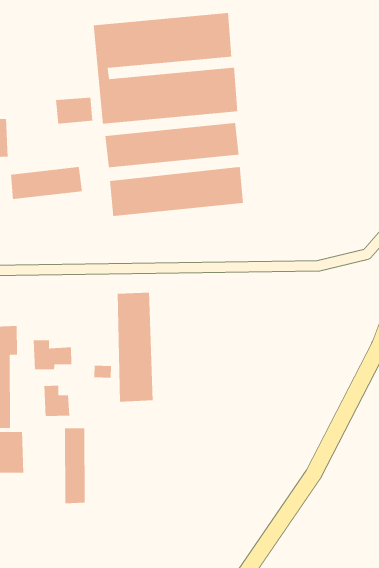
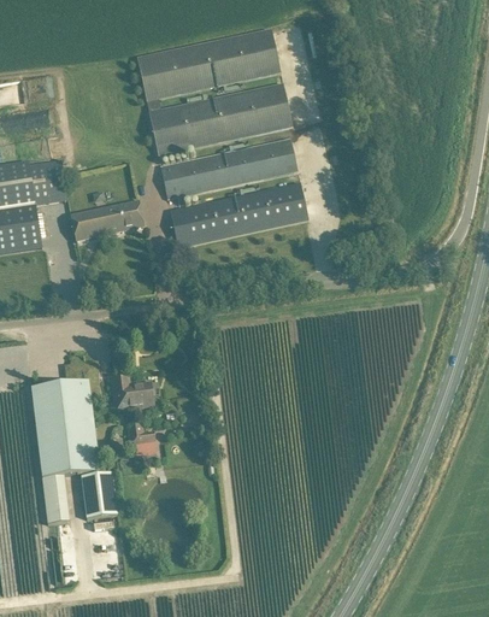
building: [55,97,93,125] -> none
building: [117,292,153,402] -> none
building: [64,428,85,504] -> none

